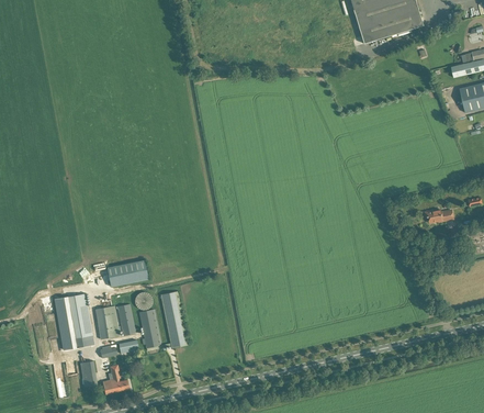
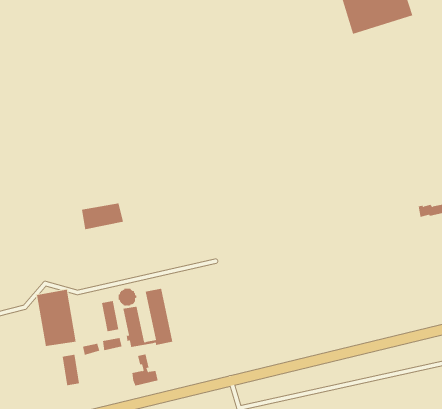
building: [106,260,148,287] -> [81,203,124,230]
building: [95,305,119,339] -> none
building: [102,362,128,394] -> [132,354,158,386]

